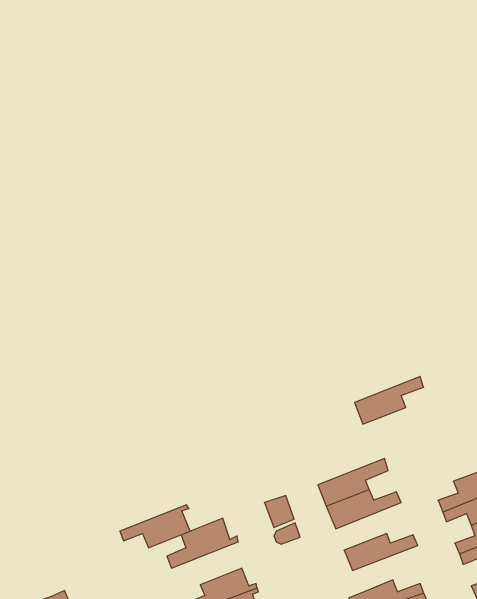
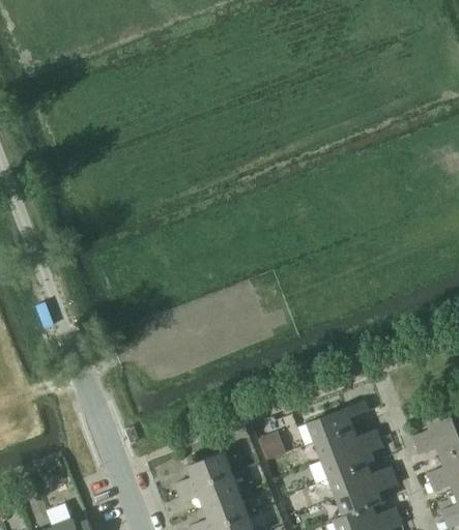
building: [355,376,424,424] -> [322,439,382,480]
building: [120,505,190,548] -> [179,473,240,510]
building: none -> [337,476,397,518]

